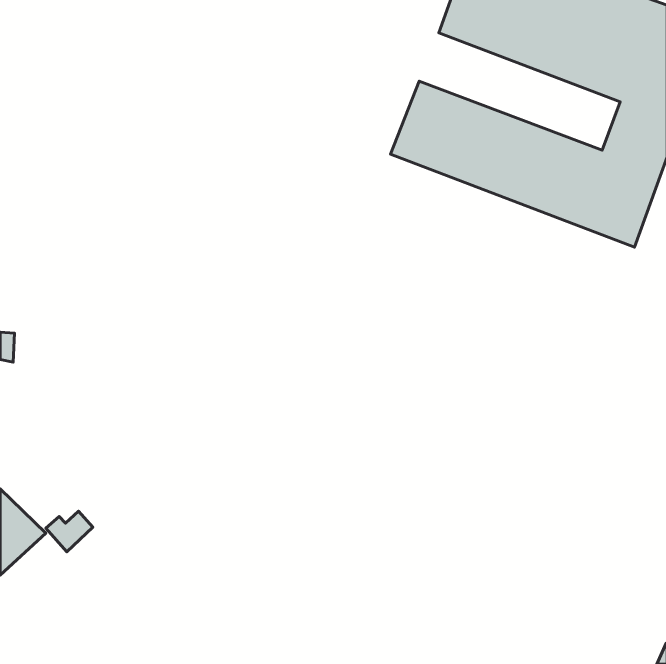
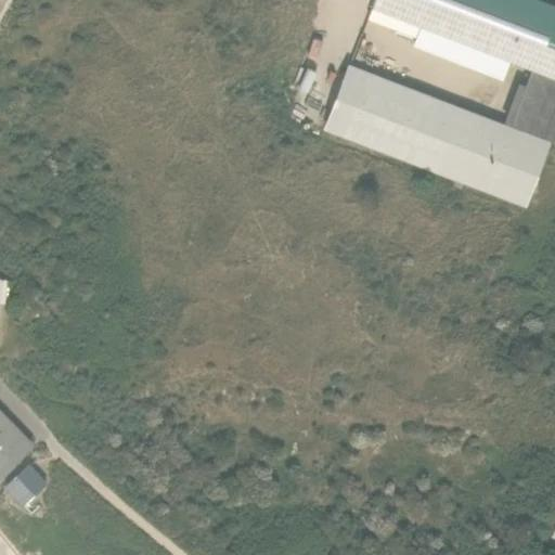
building: [46,511,93,552] -> [12,465,51,499]

